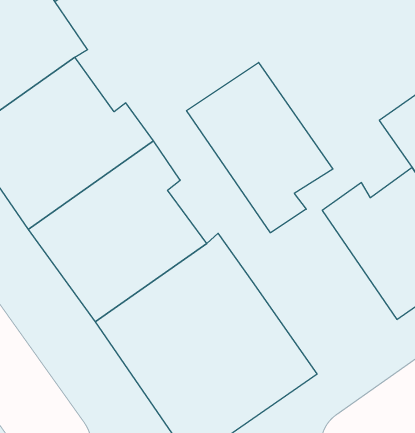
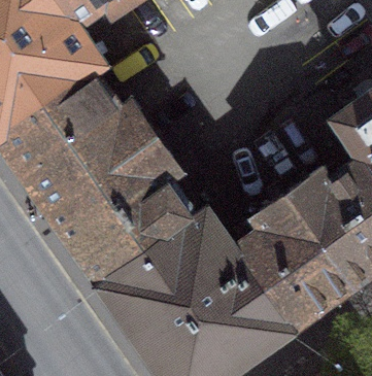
building: [187,62,333,233] -> none
building: none -> [235,194,352,327]

